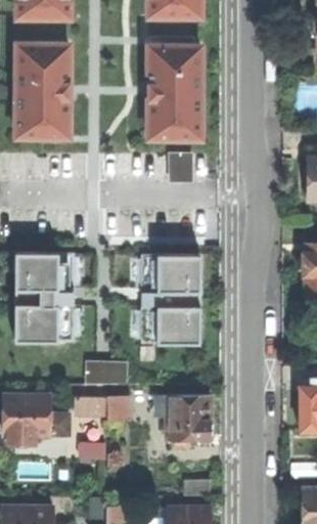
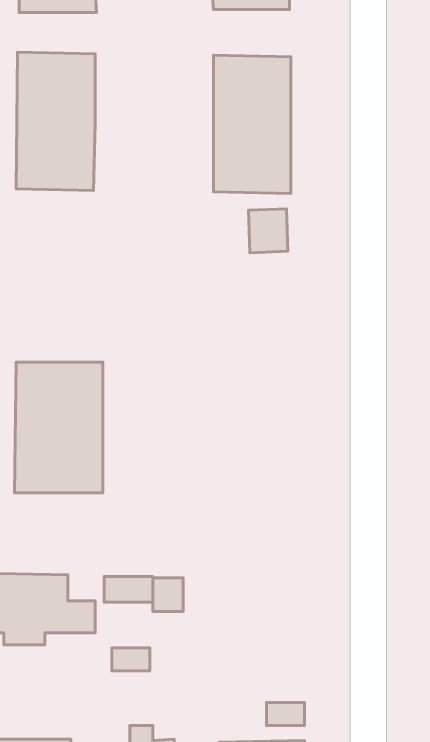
building: [141,255,199,343] -> none
building: [88,358,132,383] -> none
building: [156,394,210,446] -> none

